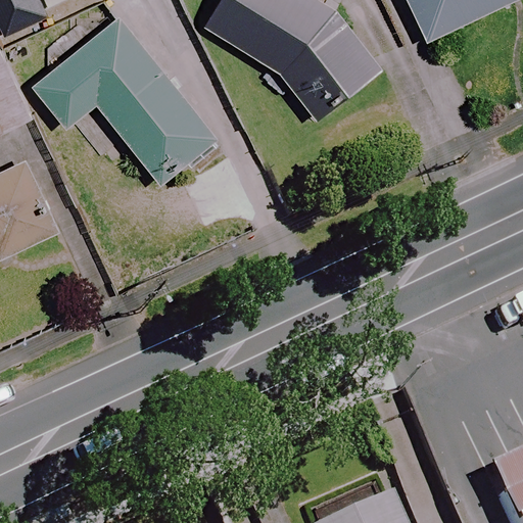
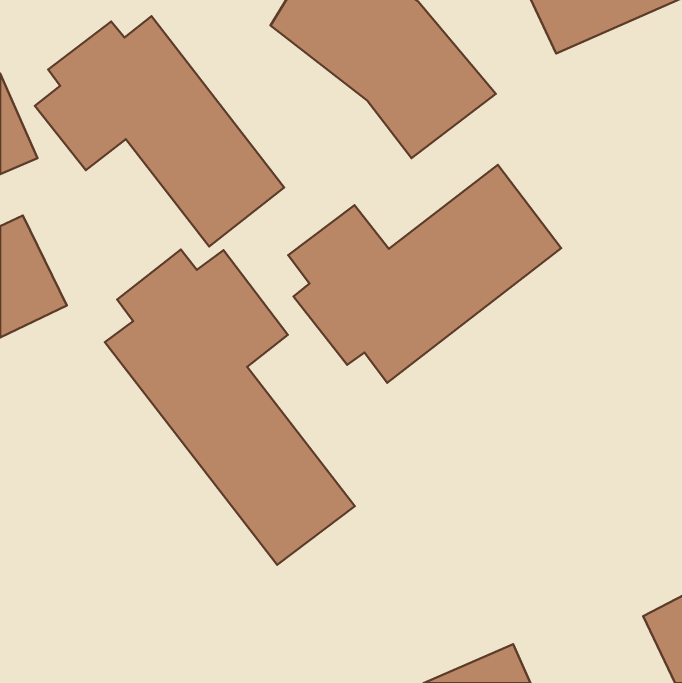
building: none -> [288,165,561,383]
building: none -> [105,250,355,565]

